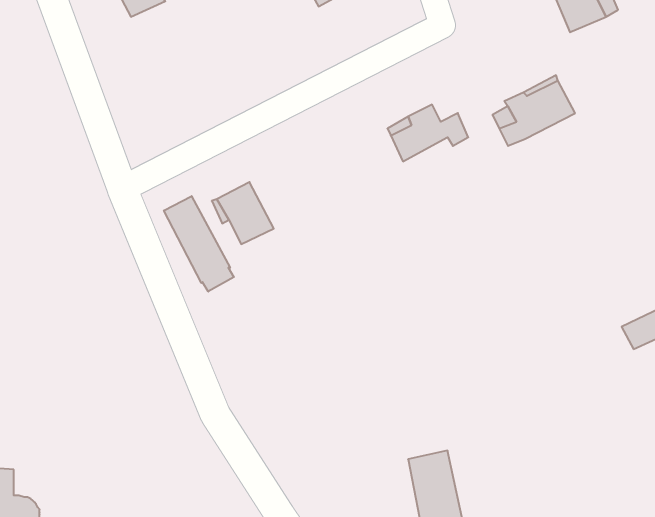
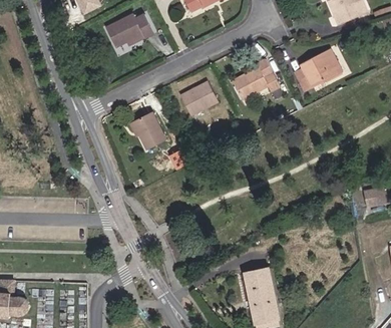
building: none -> [104,13,153,46]
building: none -> [180,81,217,114]
building: [164,196,234,292] -> none

